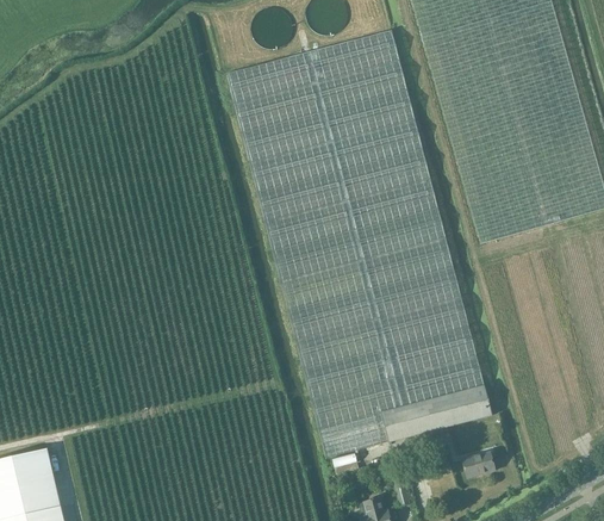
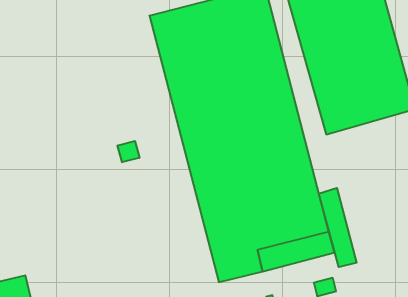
building: none -> [118,141,139,162]
building: none -> [319,188,357,267]

